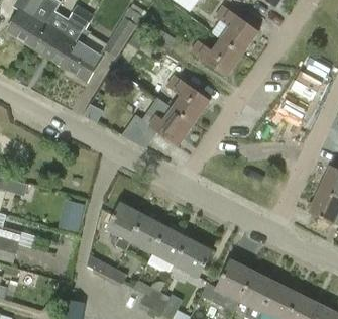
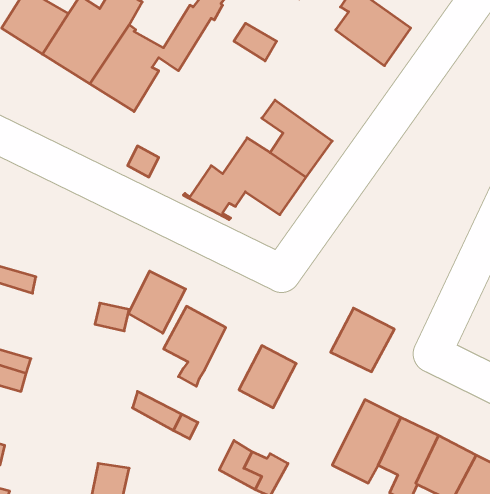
building: [191,31,242,77] -> none
building: [131,215,166,253] -> [128,271,186,333]
building: [174,237,213,277] -> [331,308,394,372]

